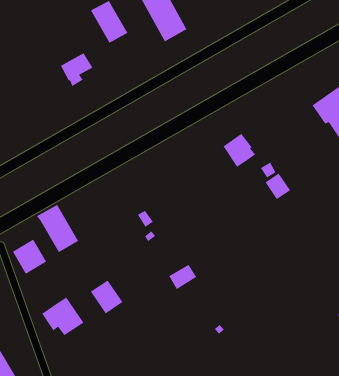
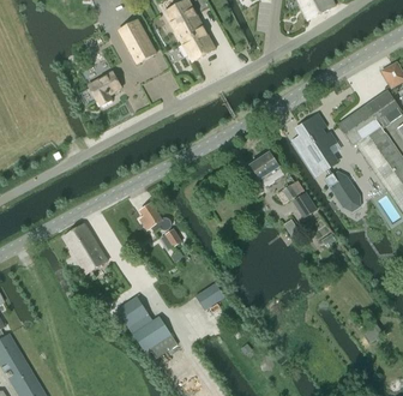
building: none -> [296,114,361,210]
building: none -> [140,202,173,232]
building: [12,239,47,275] -> none
building: [41,297,84,336] -> [134,316,178,355]

